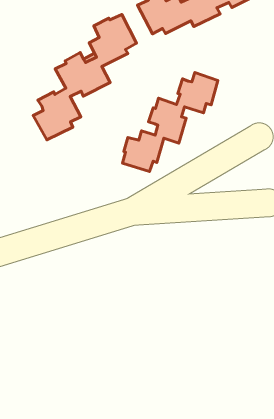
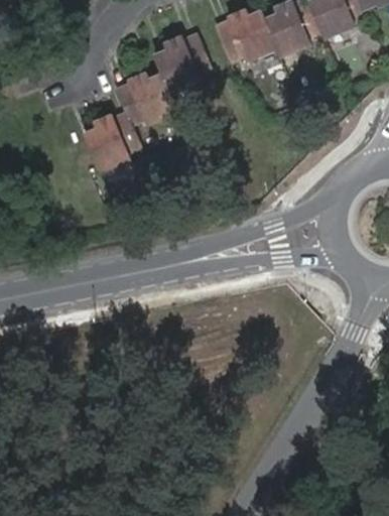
building: [123,72,218,172] -> none

